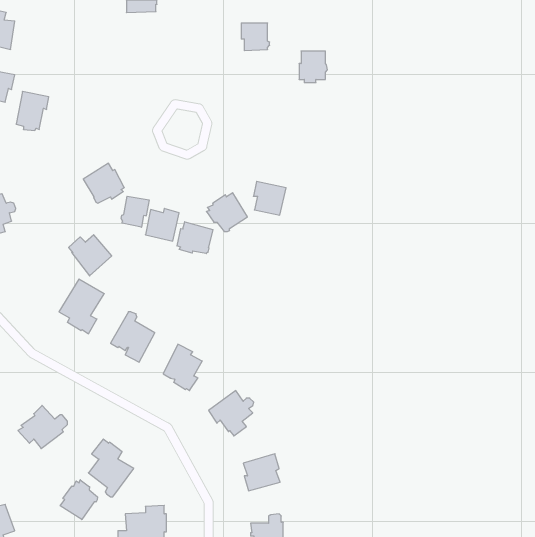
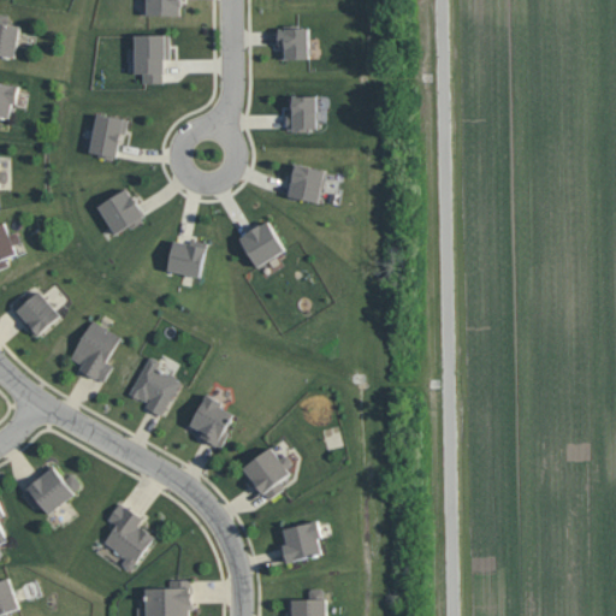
building: none -> [132,34,167,83]
building: [299,51,327,83] -> [284,96,316,132]
building: [16,91,49,130] -> [88,114,125,159]
building: [253,181,286,215] -> [285,164,322,202]
building: [121,196,149,227] -> none
building: [177,222,213,254] -> none
building: [69,235,112,276] -> [8,291,58,338]
building: [60,480,97,520] -> none

